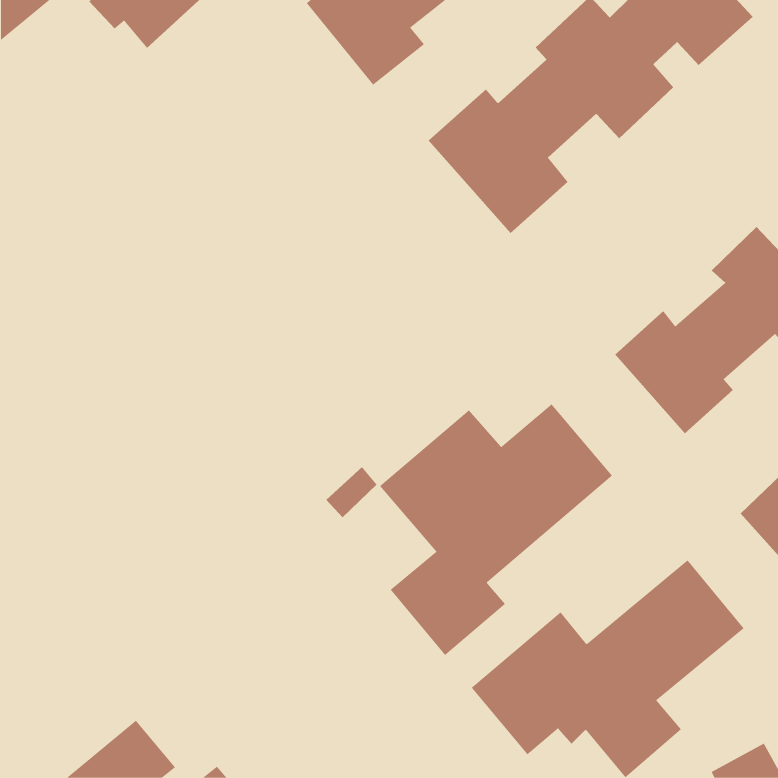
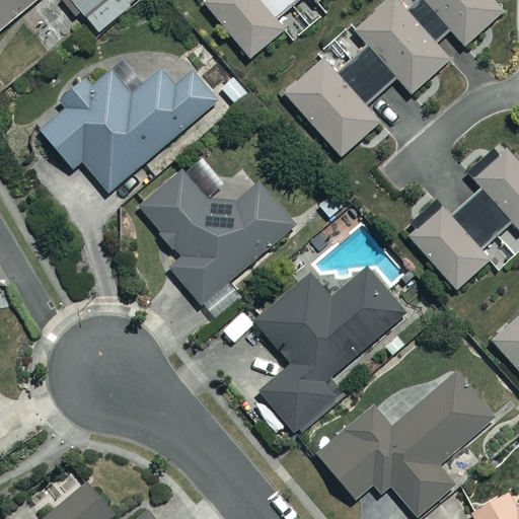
building: none -> [40,67,217,191]
building: none -> [137,168,296,306]

